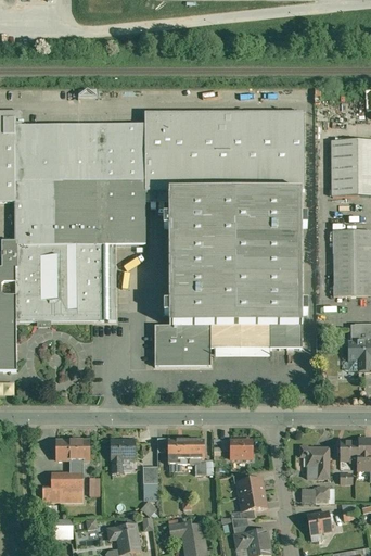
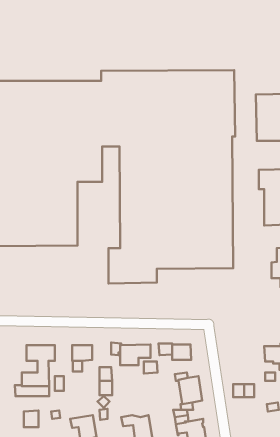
building: [300,445,329,477] -> none
building: [307,510,332,533] -> none

